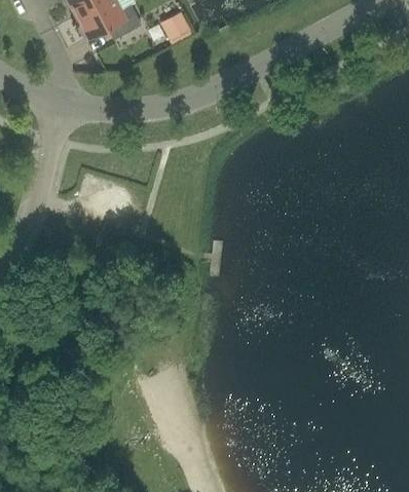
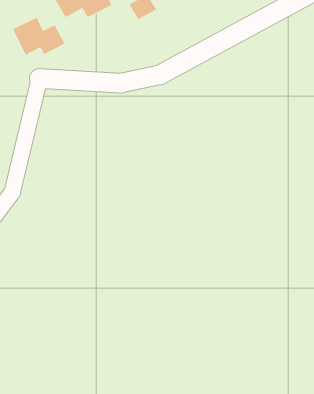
building: none -> [13,17,65,56]

